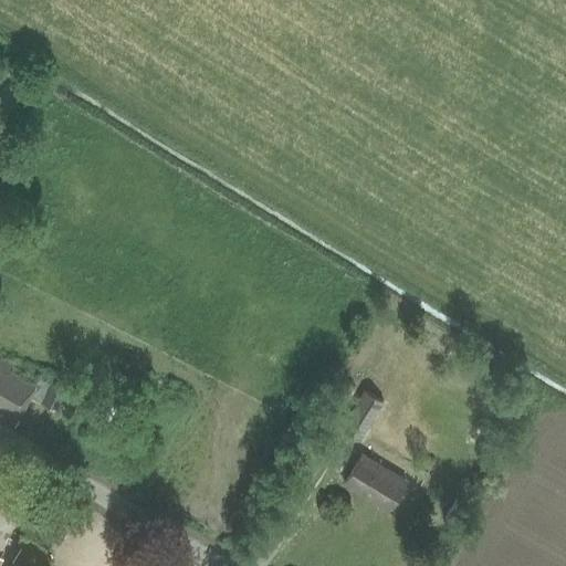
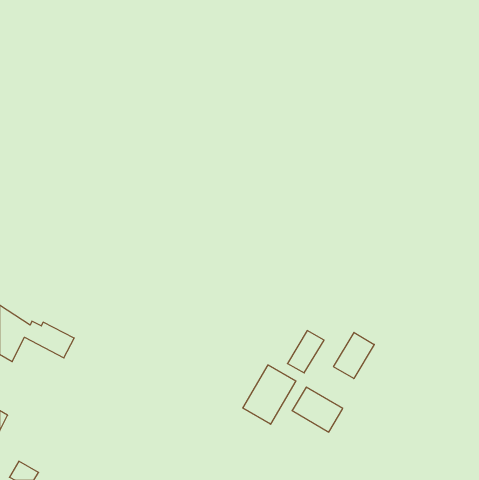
building: none -> [334,332,374,379]
building: none -> [243,365,296,424]

